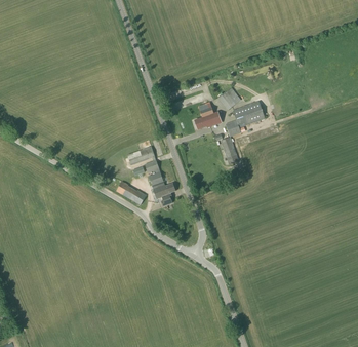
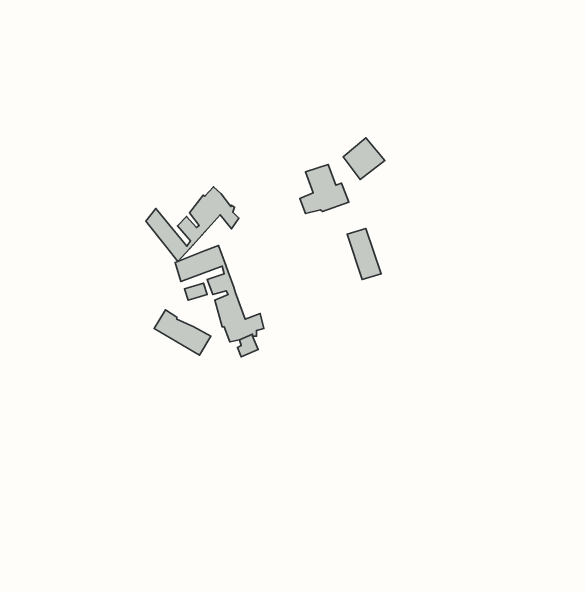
building: [226,101,266,137] -> none
building: none -> [146,187,239,261]

